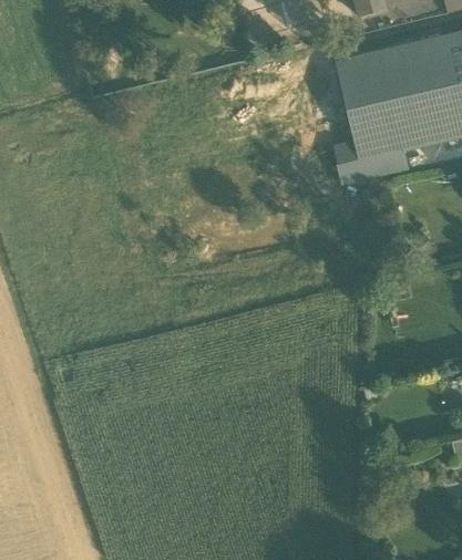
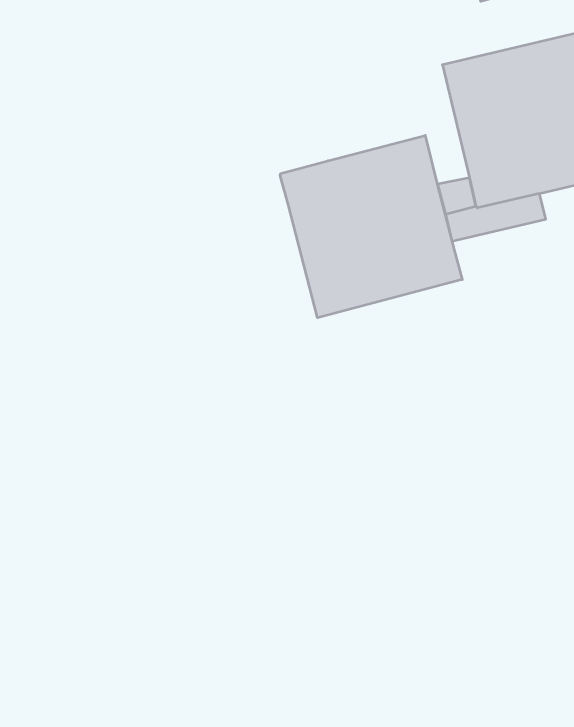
building: none -> [280,135,462,318]

